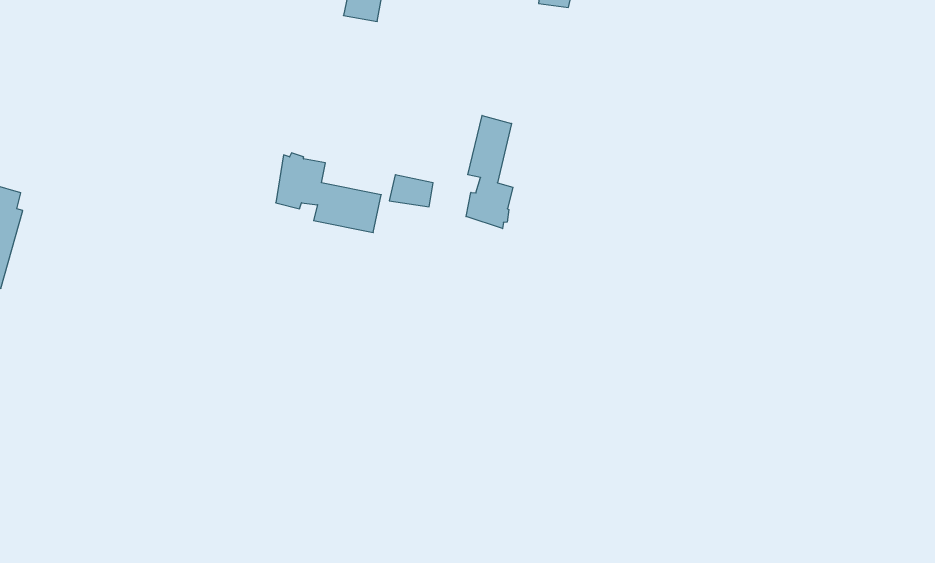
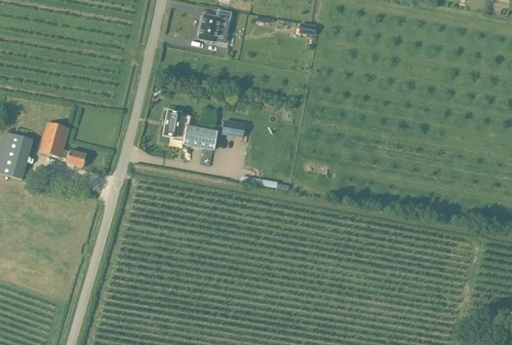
building: [466,115,513,229] -> none
building: none -> [38,121,85,166]

